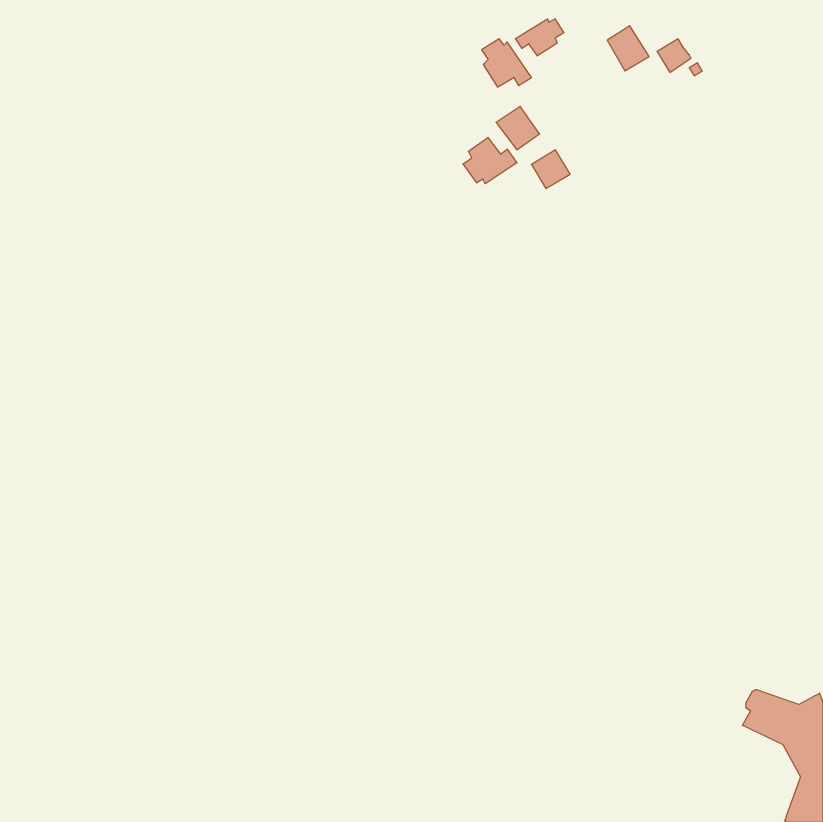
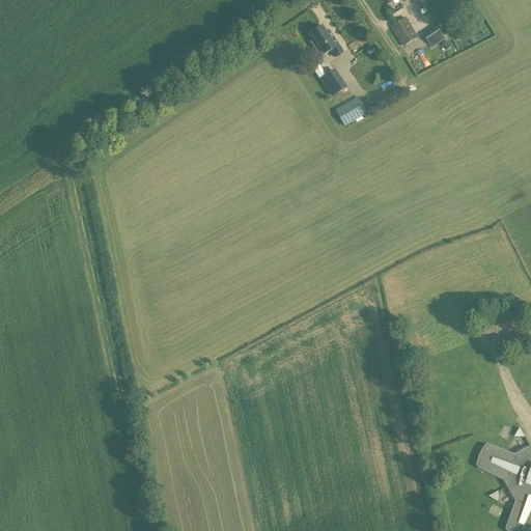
building: [516,19,564,56] -> none
building: [463,137,517,184] -> none

